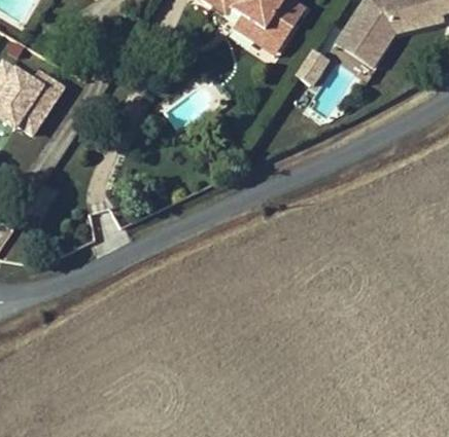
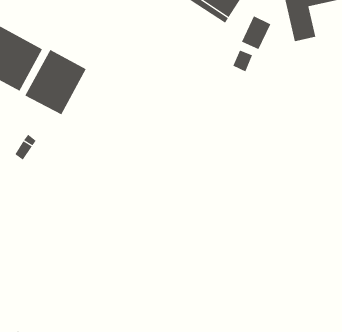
building: none -> [25,49,87,115]

